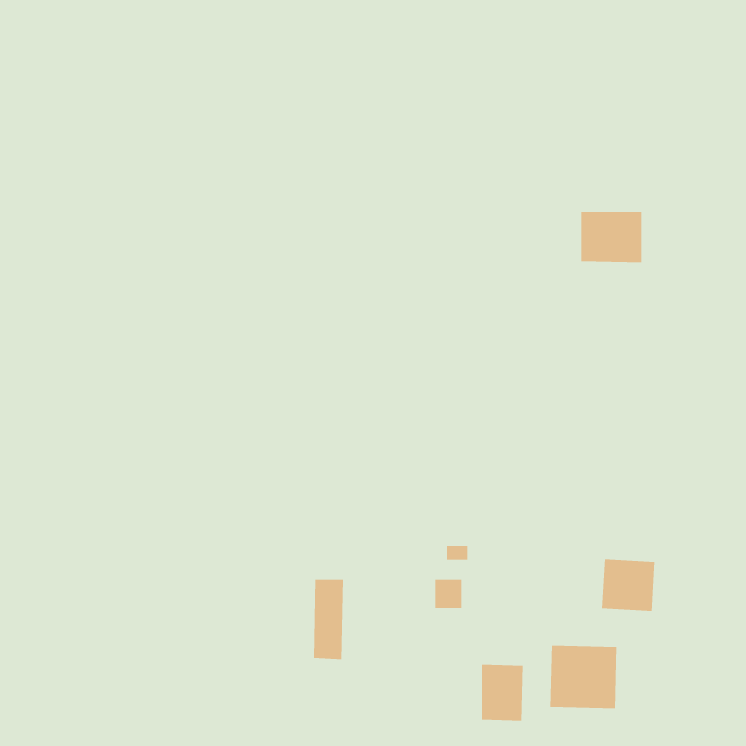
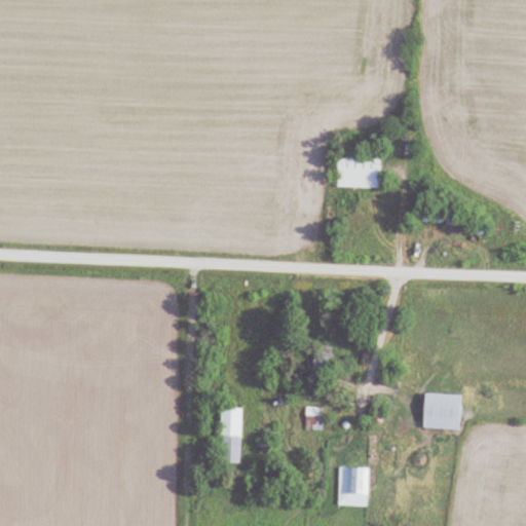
building: [581,212,642,263] -> [337,152,380,188]
building: [550,645,617,709] -> none

